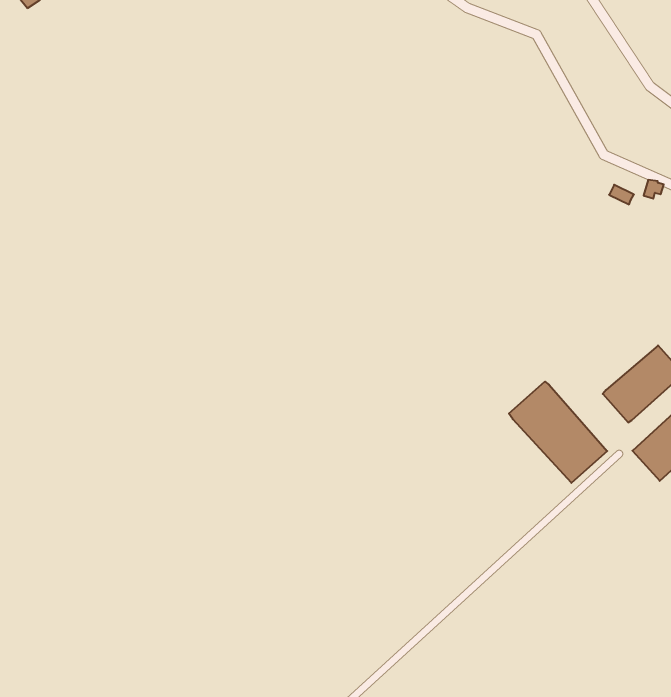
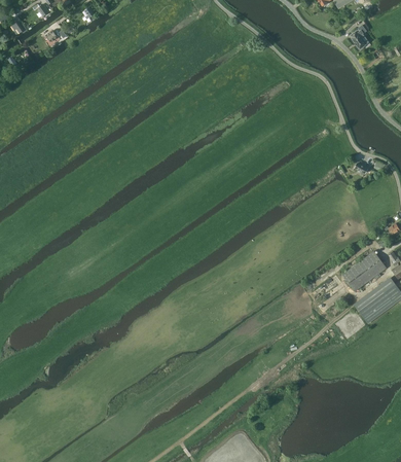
building: [509,382,607,483] -> none

